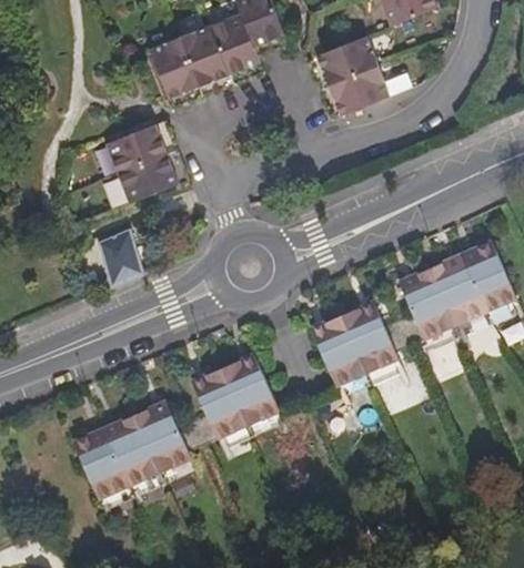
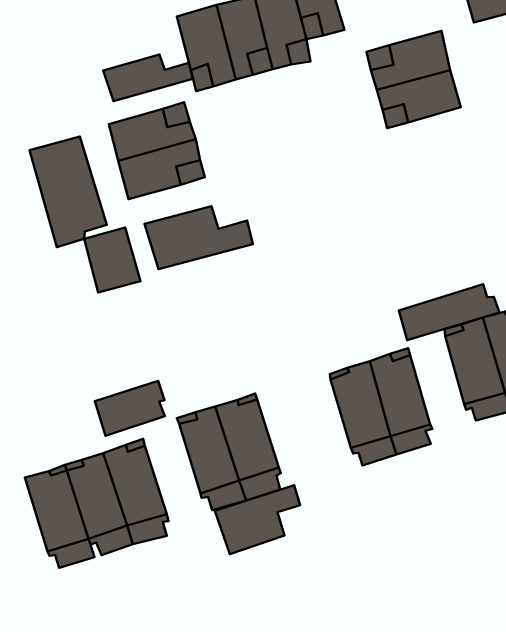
building: none -> [103,55,193,101]
building: none -> [30,136,107,247]
building: none -> [144,206,253,269]
building: none -> [399,284,499,340]
building: none -> [95,381,165,436]
building: none -> [215,485,300,554]

